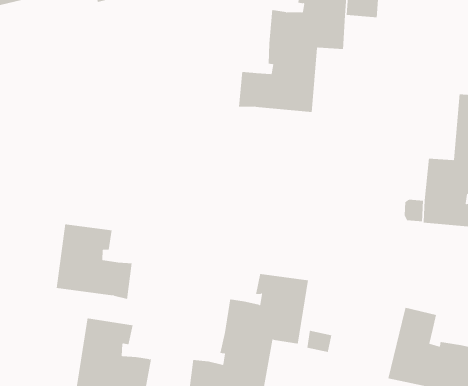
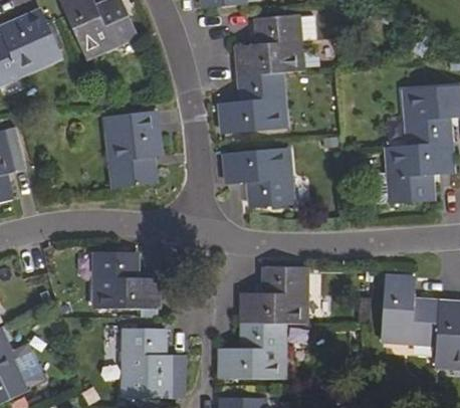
building: none -> [106,112,159,188]
building: none -> [222,148,289,207]

